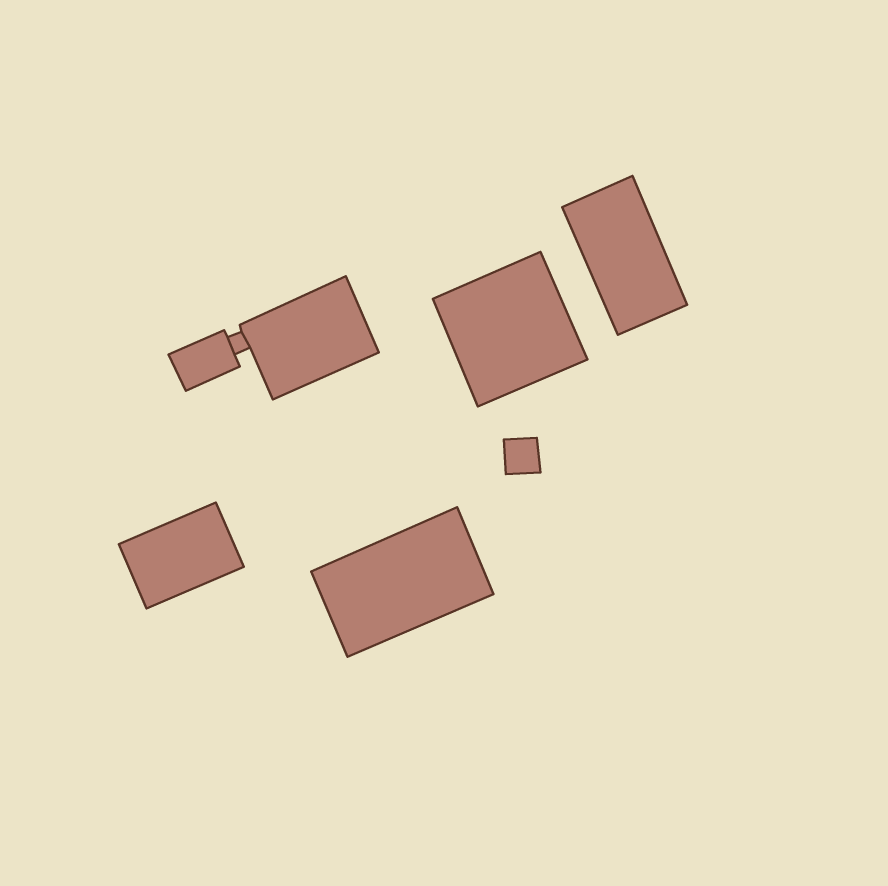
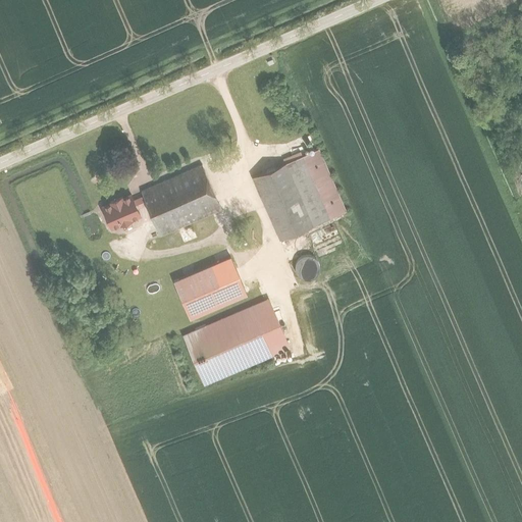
building: [562,176,687,335] -> none
building: [119,503,244,608] -> [172,257,246,319]

